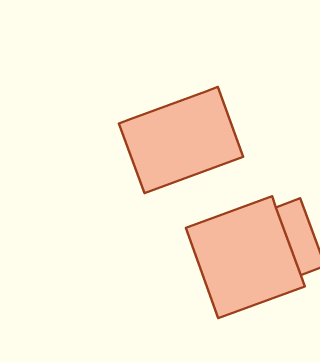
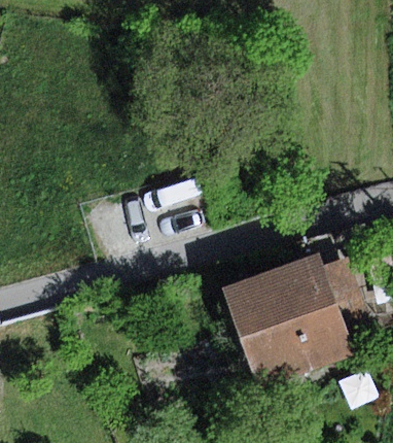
building: [119,87,243,193] -> none

